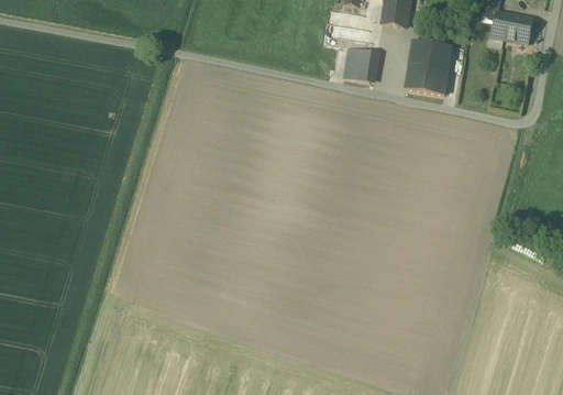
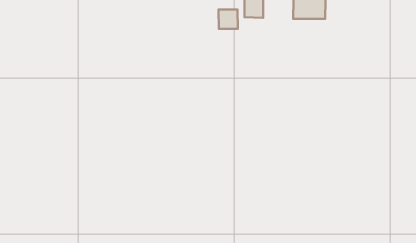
building: none -> [218,9,238,29]

